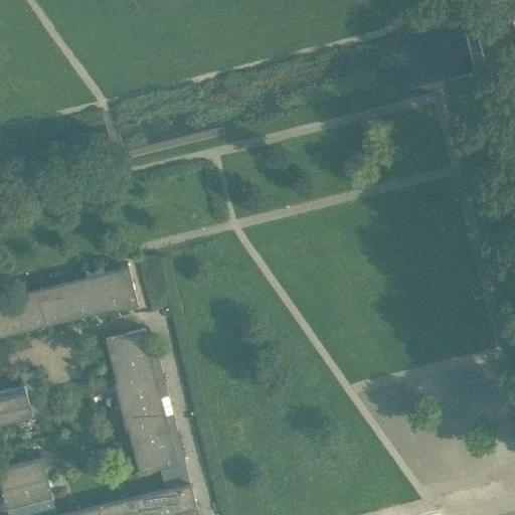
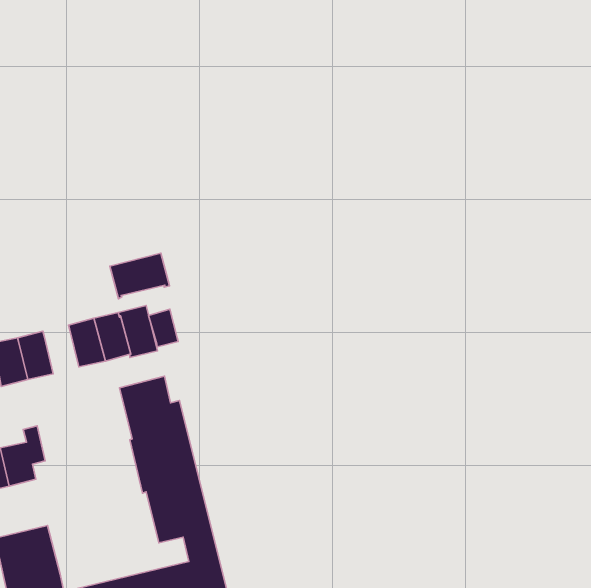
building: none -> [110,253,170,299]
building: none -> [149,309,178,347]
building: [37,286,68,328] -> none

